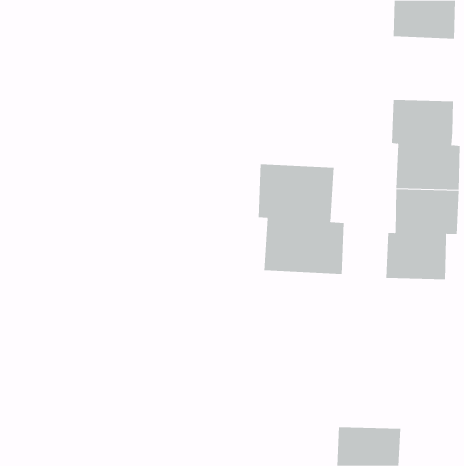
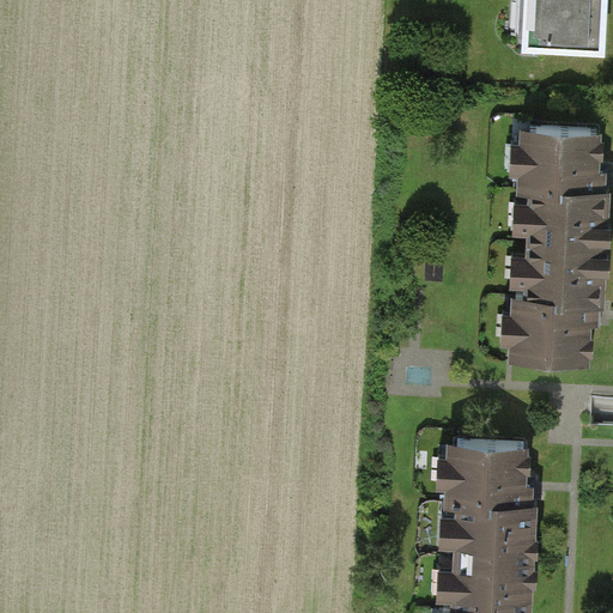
building: [258,164,344,275] -> none
building: none -> [439,443,532,563]

